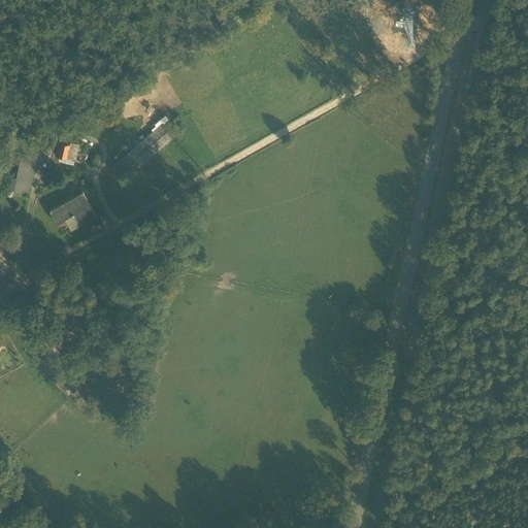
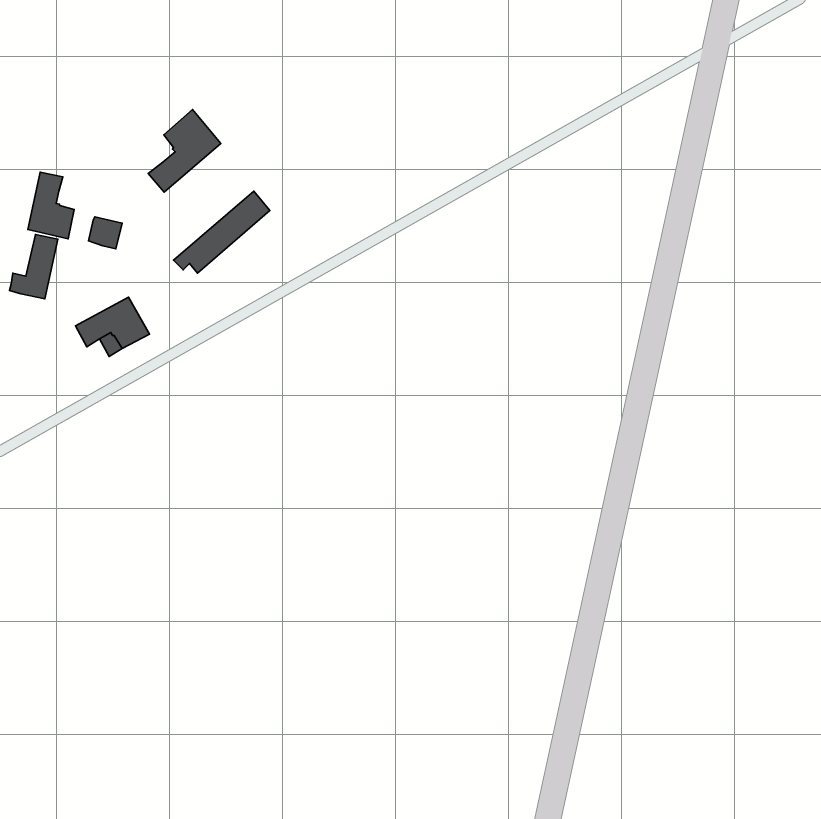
building: none -> [148,110,221,192]
building: none -> [28,172,74,239]

